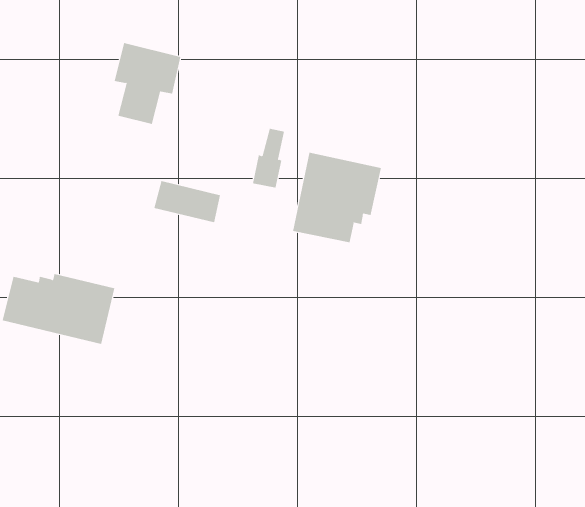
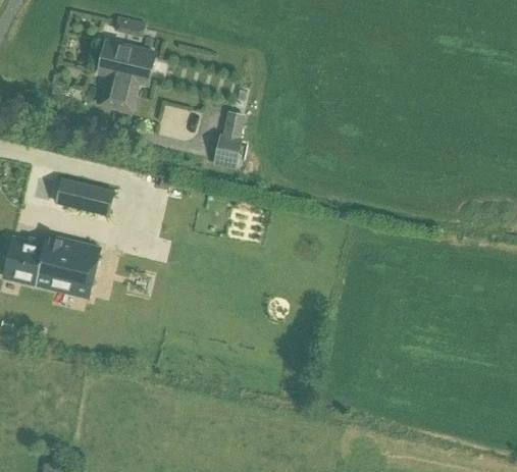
building: [293,152,382,243] -> none
building: [153,181,221,223] -> [55,177,112,213]

